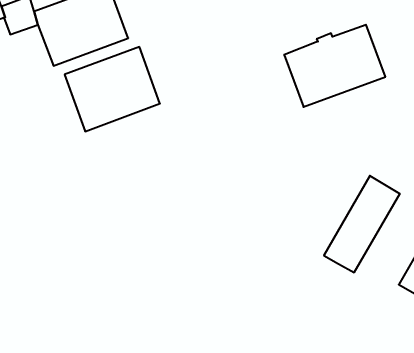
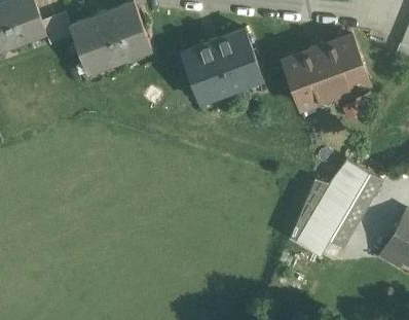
building: [65,47,160,131] -> [181,29,262,101]
building: none -> [289,158,357,256]

